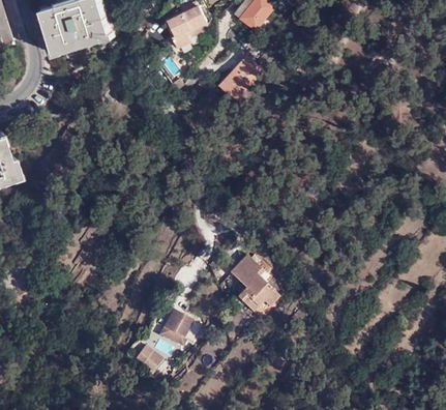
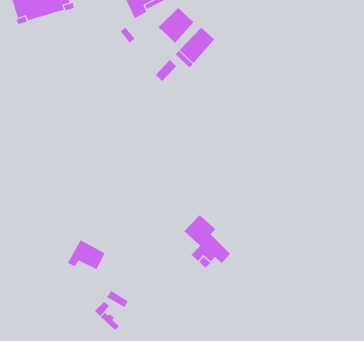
building: none -> [158,7,194,43]
building: [158,308,199,340] -> [67,239,106,270]

